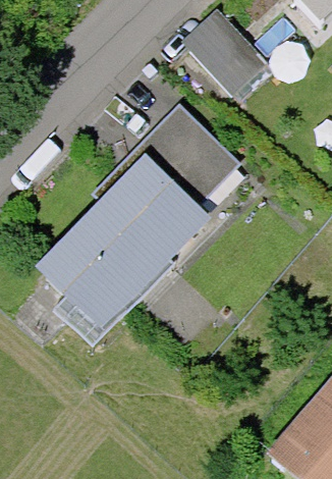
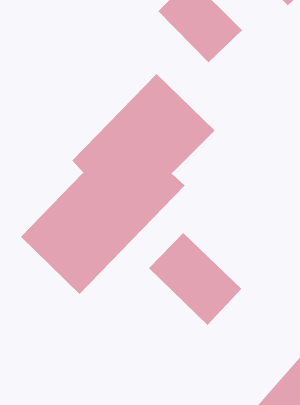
building: none -> [148,232,242,326]

